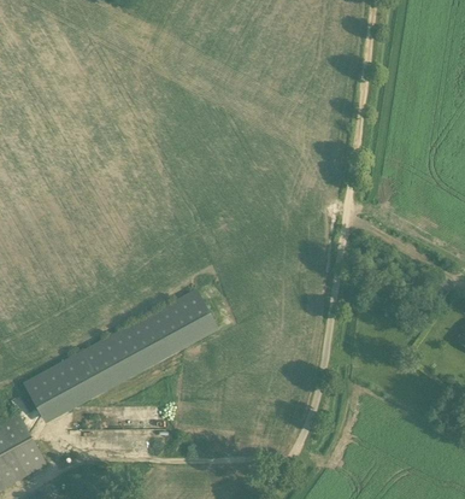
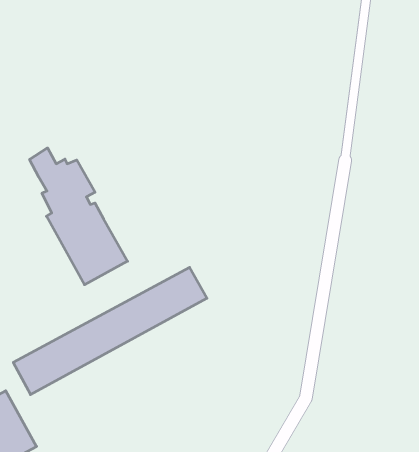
building: none -> [30,148,128,285]

